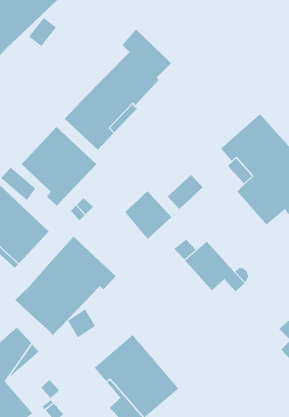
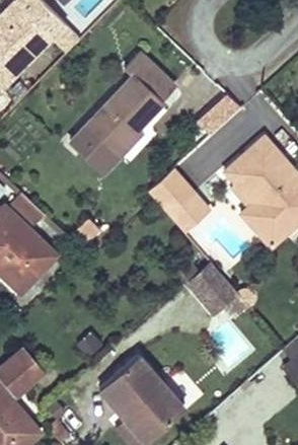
building: [21,126,97,207] -> none
building: [124,191,172,240] -> [149,170,197,219]
building: [15,236,117,336] -> none

